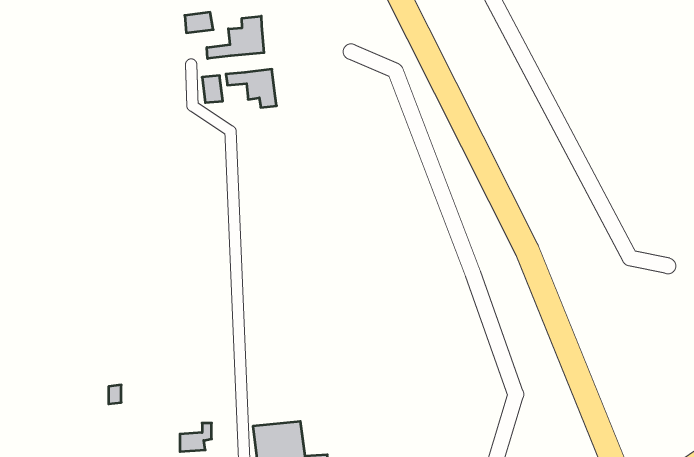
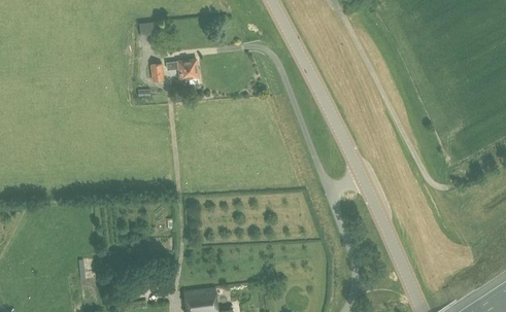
building: [207,16,264,59] -> none

